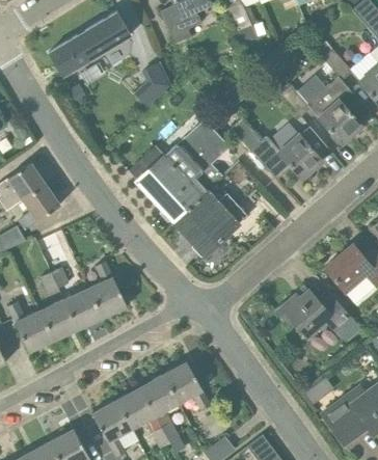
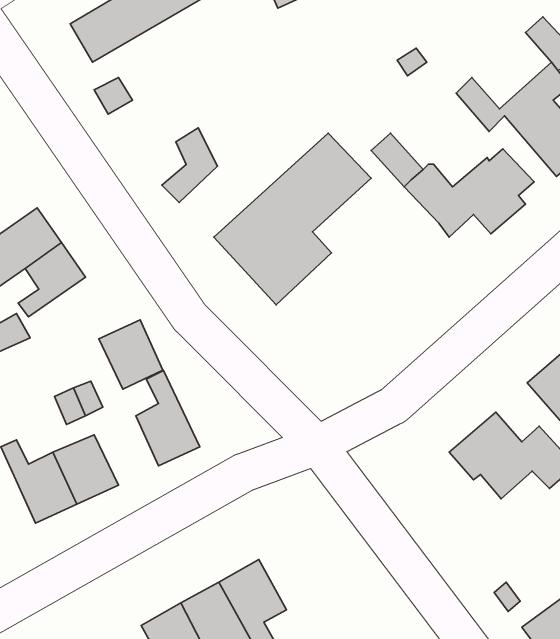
building: [136,65,169,110] -> [162,128,217,203]
building: [172,190,246,254] -> none
building: [63,288,102,329] -> [99,320,163,389]
building: [162,361,209,407] -> none

